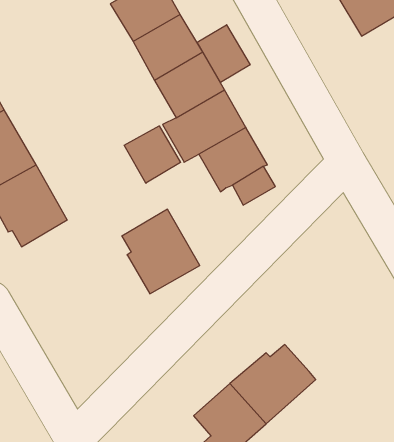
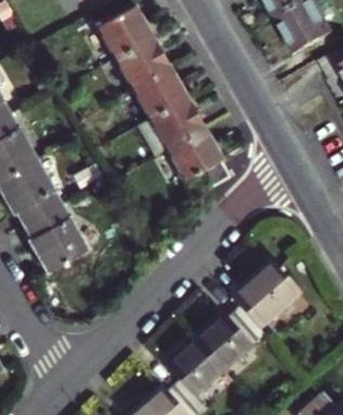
building: [197,25,250,83] -> none
building: [124,126,181,183] -> none
building: [122,209,200,294] -> [23,203,86,271]
building: none -> [228,257,298,326]

